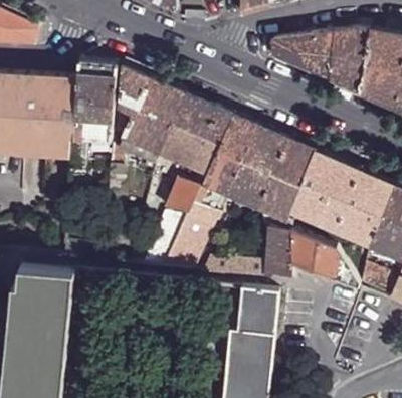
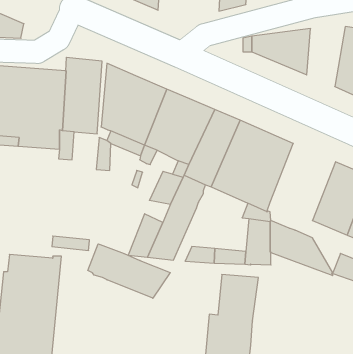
building: [329,28,369,91] -> none
building: [290,151,359,231] -> none
building: none -> [88,244,170,298]

